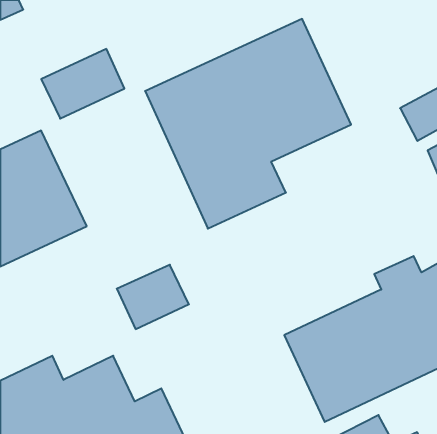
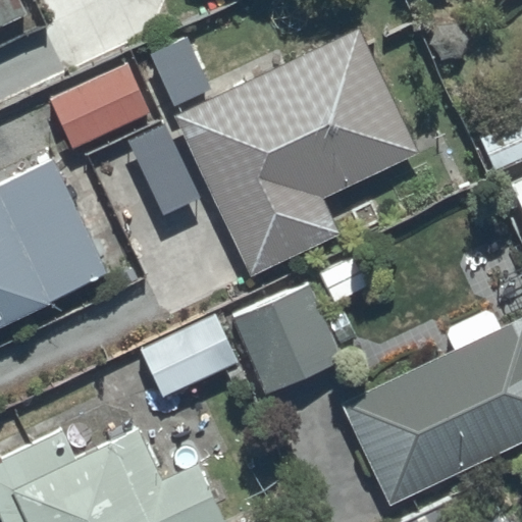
building: none -> [232,285,342,392]

